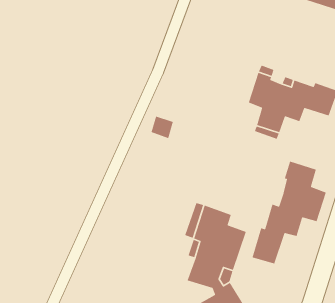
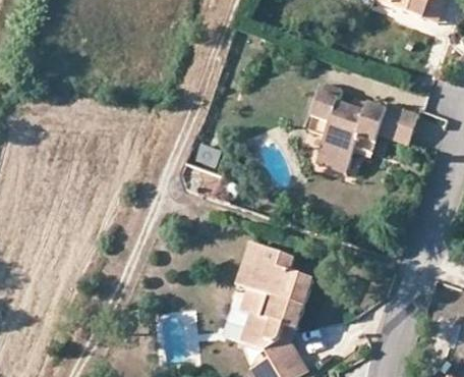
building: [252,160,327,264] -> none

